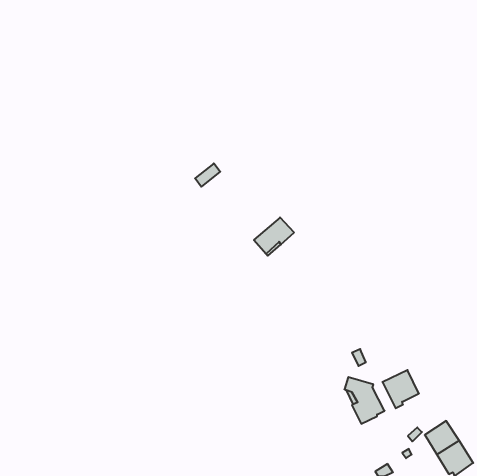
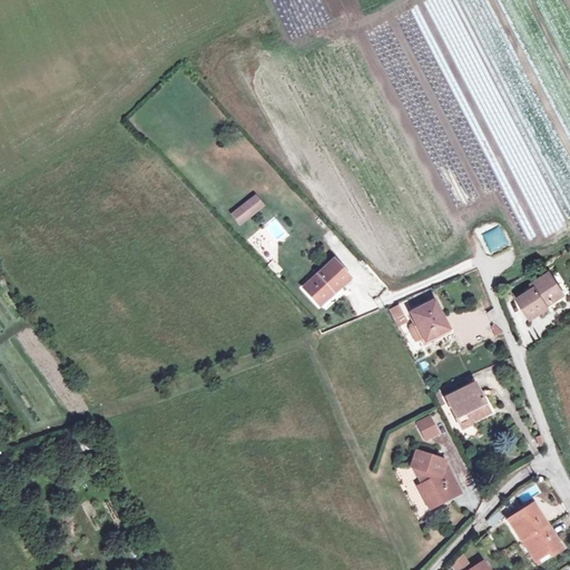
building: none -> [519,272,561,317]
building: none -> [410,299,450,342]
building: [382,370,419,408] -> [445,382,489,428]

